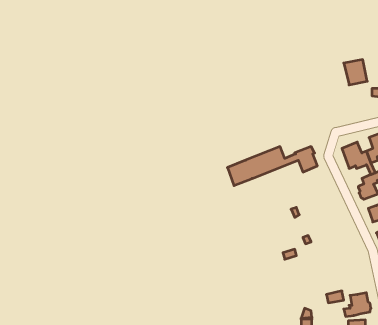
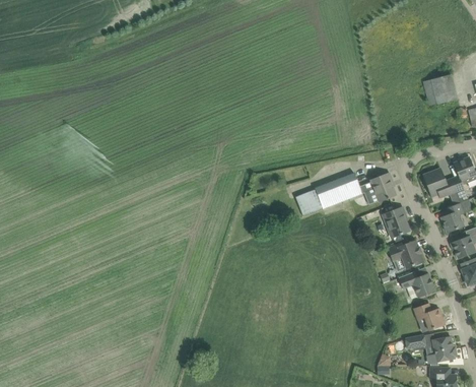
building: none -> [383,206,409,236]
building: none -> [388,240,423,267]
building: none -> [399,271,435,297]
building: none -> [413,303,446,330]

